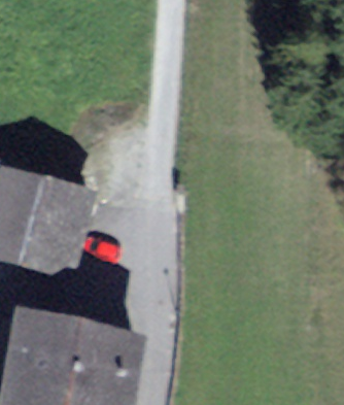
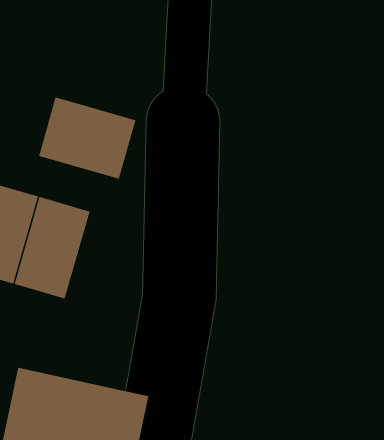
building: none -> [38,97,136,180]

